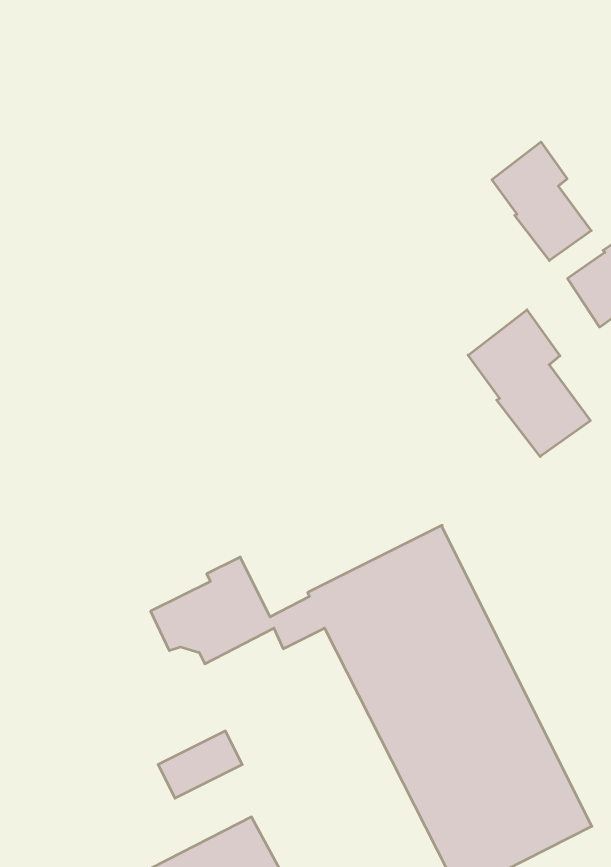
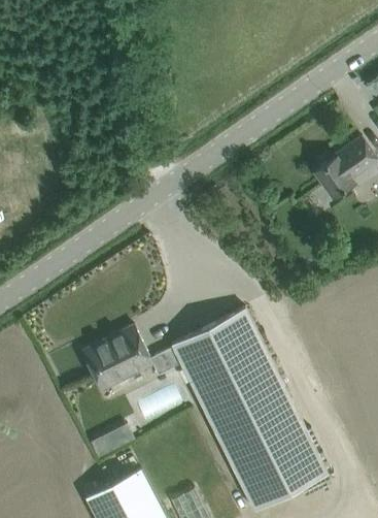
building: [492,142,591,261] -> none
building: [468,310,590,457] -> none

